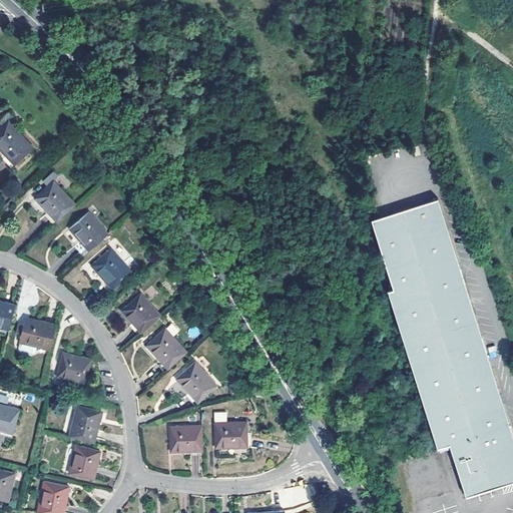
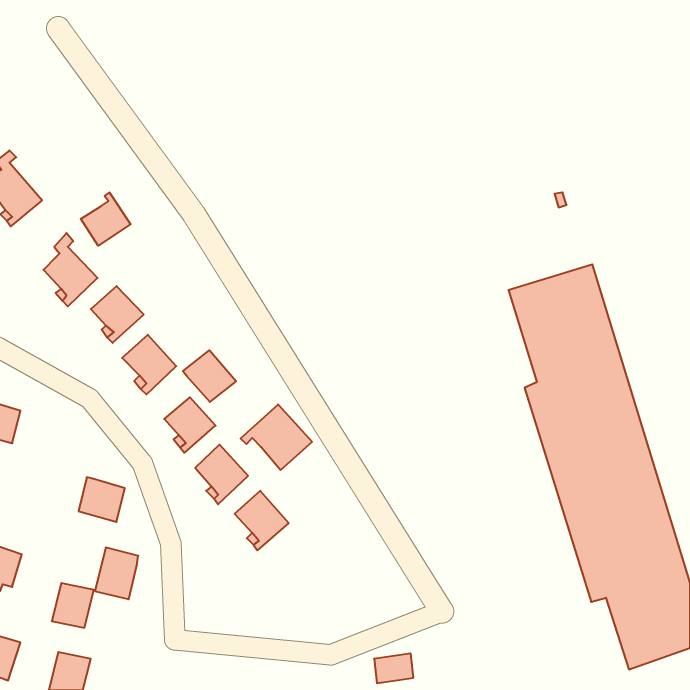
building: none -> [81,192,131,246]
building: none -> [183,350,236,402]
building: none -> [241,404,312,470]
building: [20,319,58,355] -> none
building: [211,414,245,450] -> none
building: [166,427,201,457] -> none
building: [66,447,97,480] -> [52,583,94,628]

